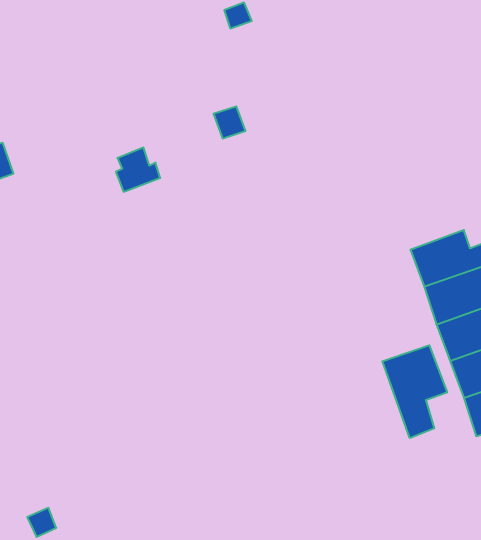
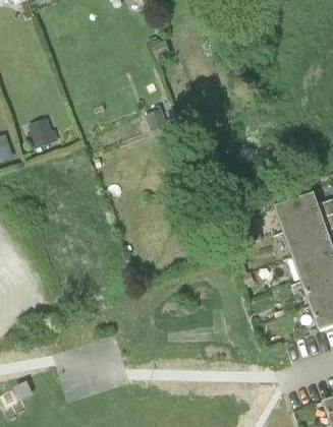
building: [116,147,160,192] -> [27,118,57,147]
building: [382,345,447,438] -> none

